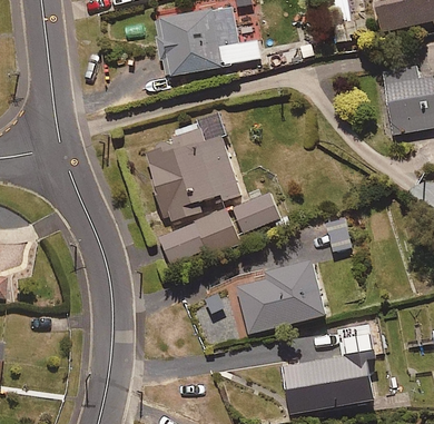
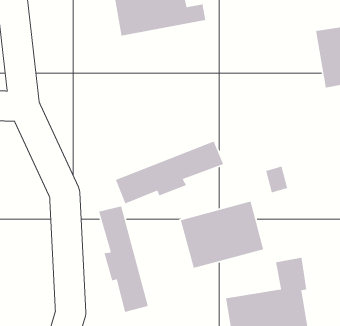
building: [146,112,239,223] -> none
building: none -> [98,206,149,313]

